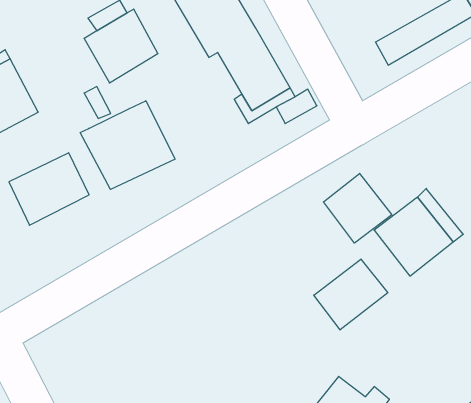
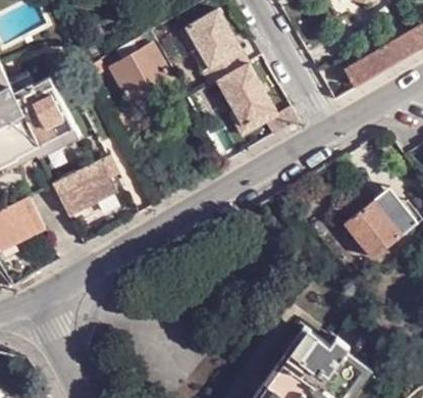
building: [80,101,175,189] -> none
building: [323,173,392,243] -> none
building: [314,259,388,330] -> none

